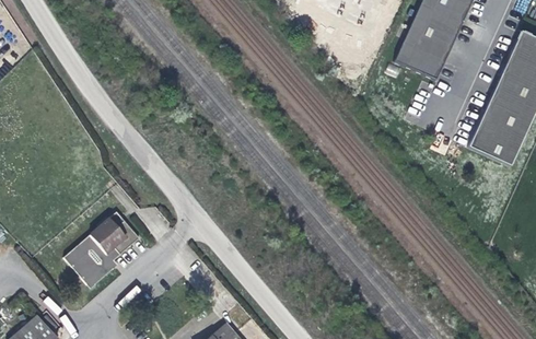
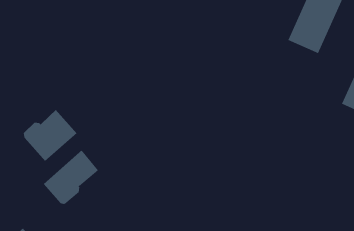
building: none -> [23,109,78,162]

